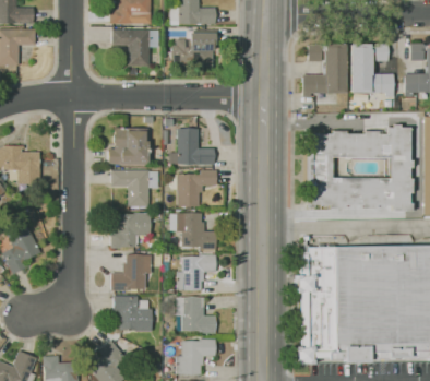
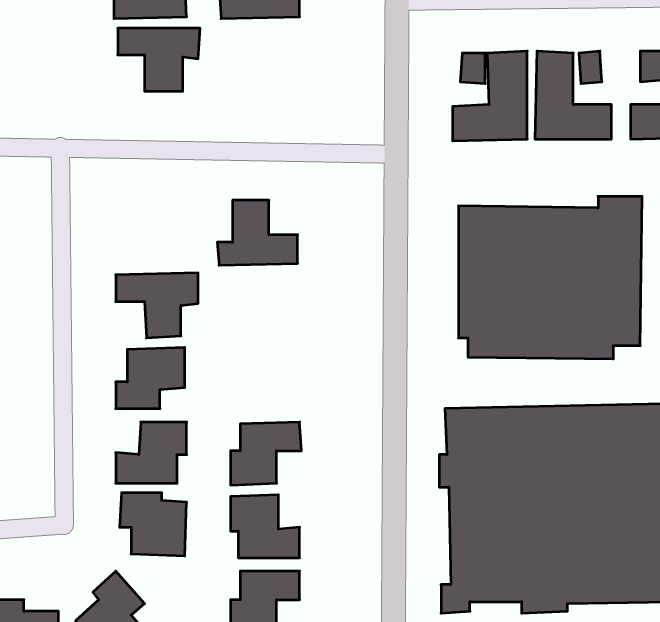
building: [174,31,215,63] -> none
building: [108,128,147,165] -> none
building: [178,171,217,205] -> none
building: [170,212,217,249] -> none

